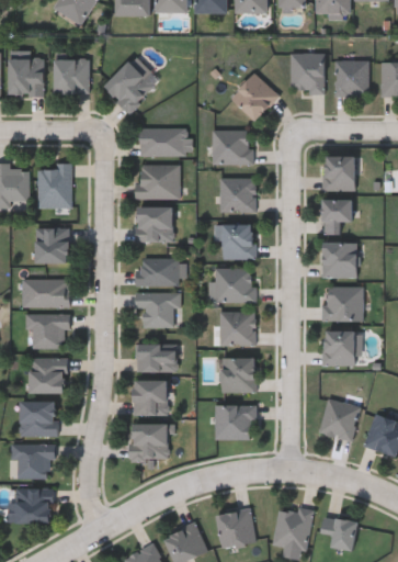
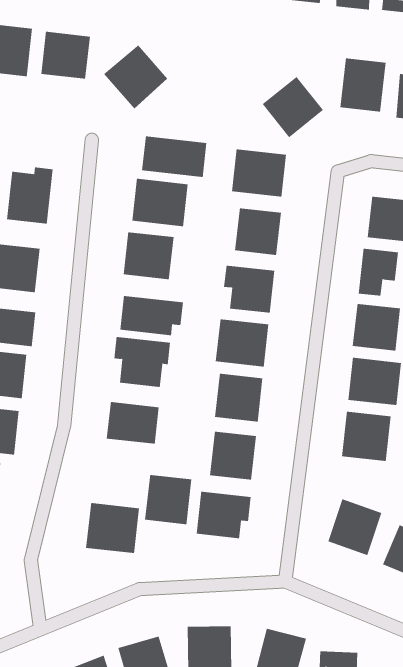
building: [134,380,168,416] -> [144,474,192,525]

